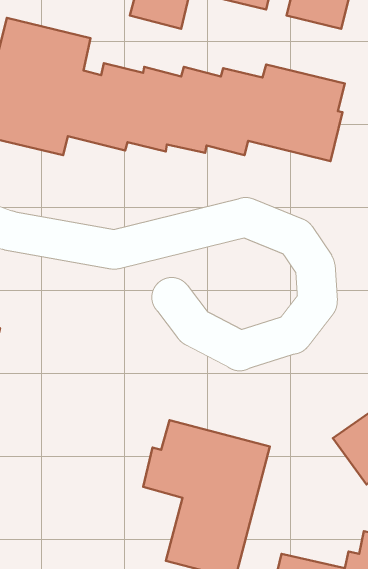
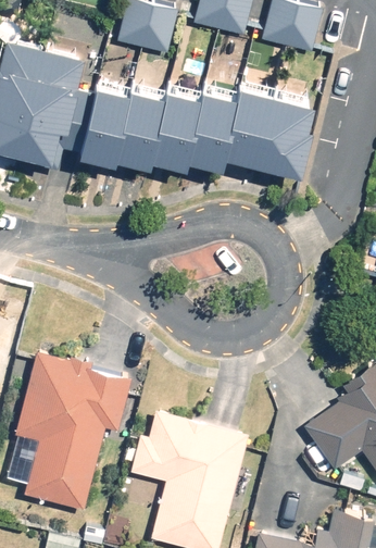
building: none -> [17,353,130,509]

